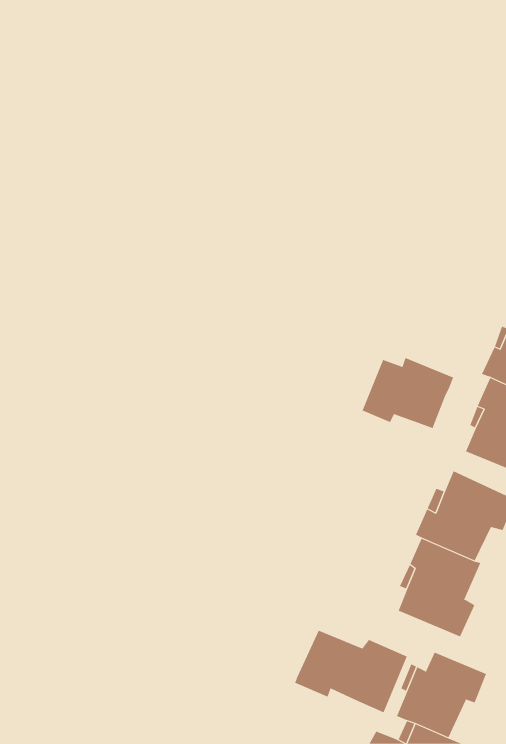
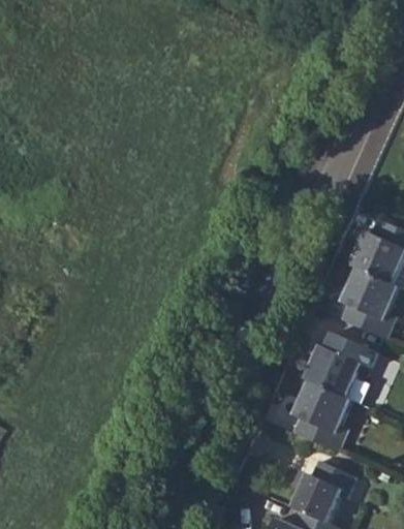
building: [362,357,454,429] -> none
building: [294,630,408,713] -> none

